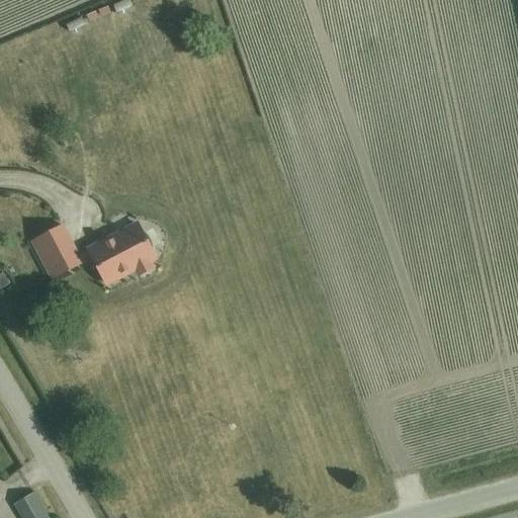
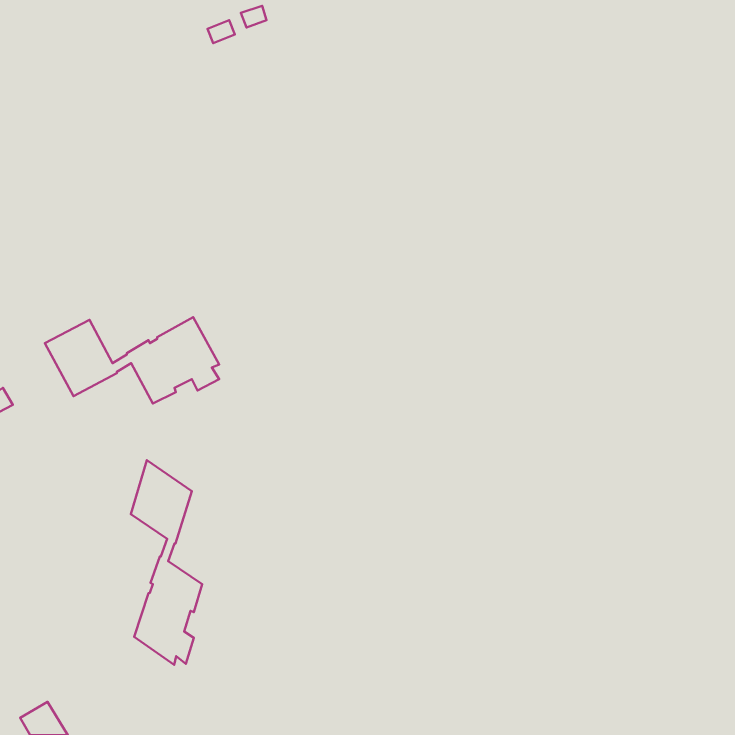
building: none -> [131,460,202,665]

